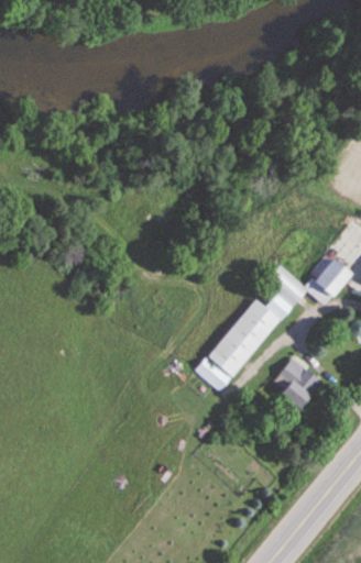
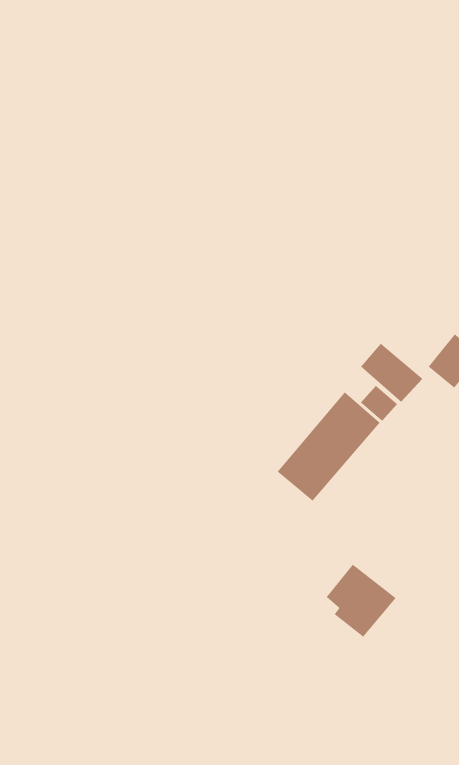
building: [195,357,230,393] -> none
building: [272,360,321,411] -> [326,564,397,638]

